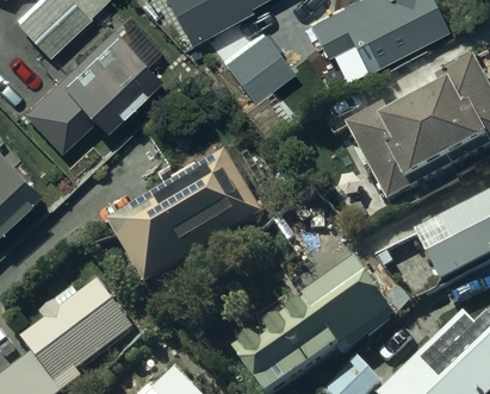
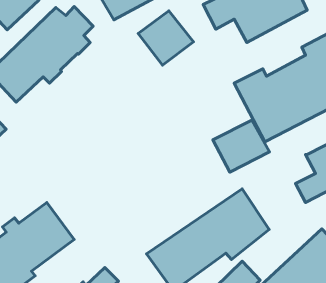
building: [106,137,261,281] -> none
building: none -> [213,120,269,172]

